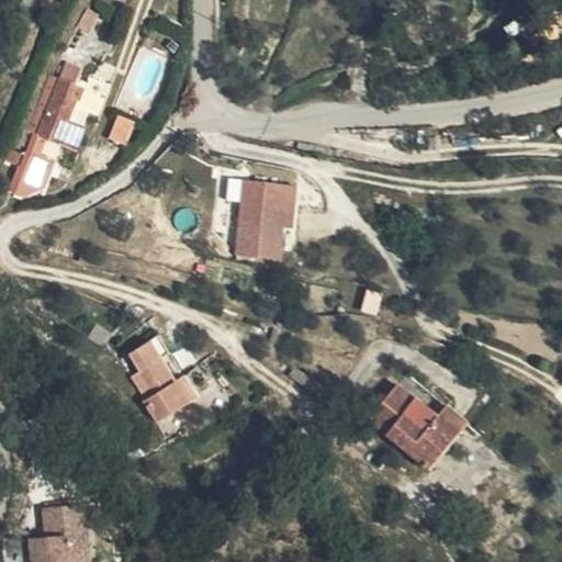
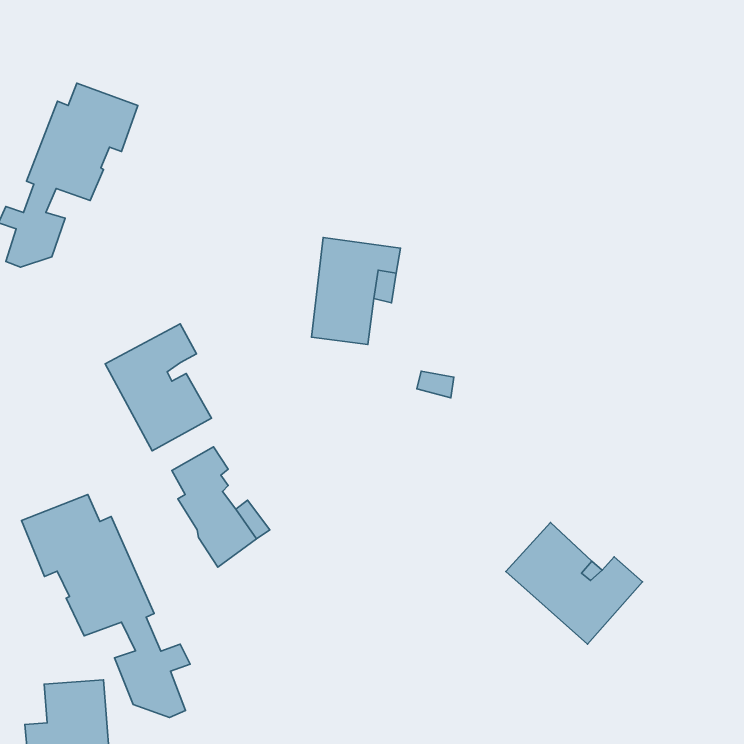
building: none -> [105,324,211,451]
building: none -> [21,495,190,718]

